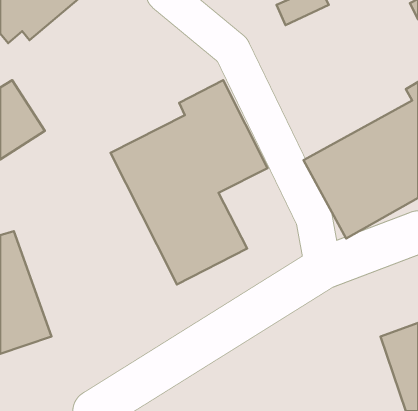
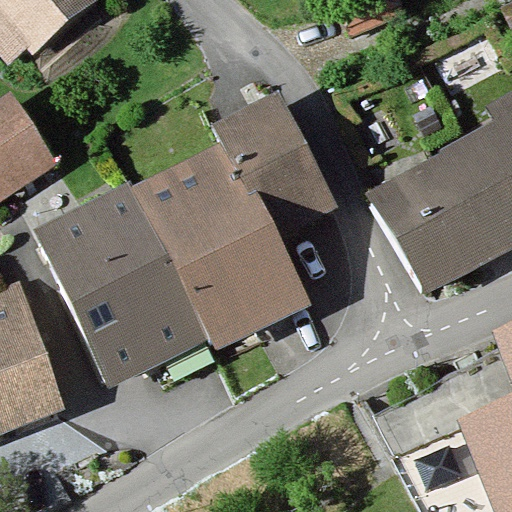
building: none -> [34,180,211,386]

